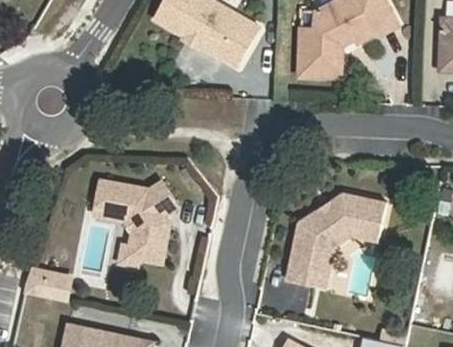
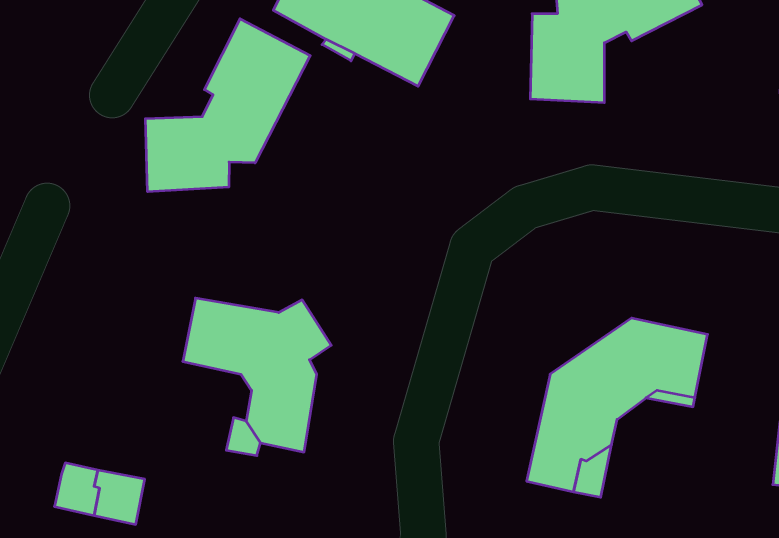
building: none -> [145,19,310,192]

